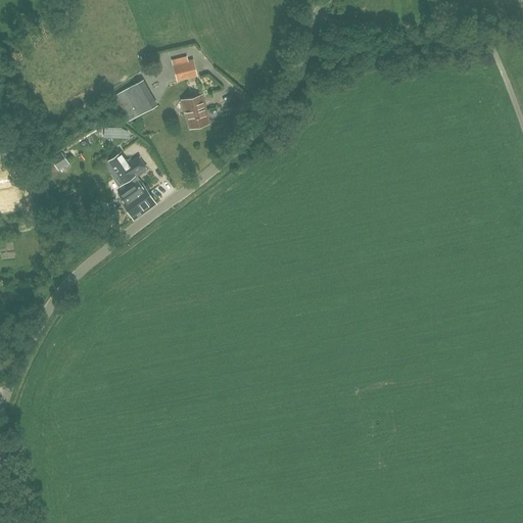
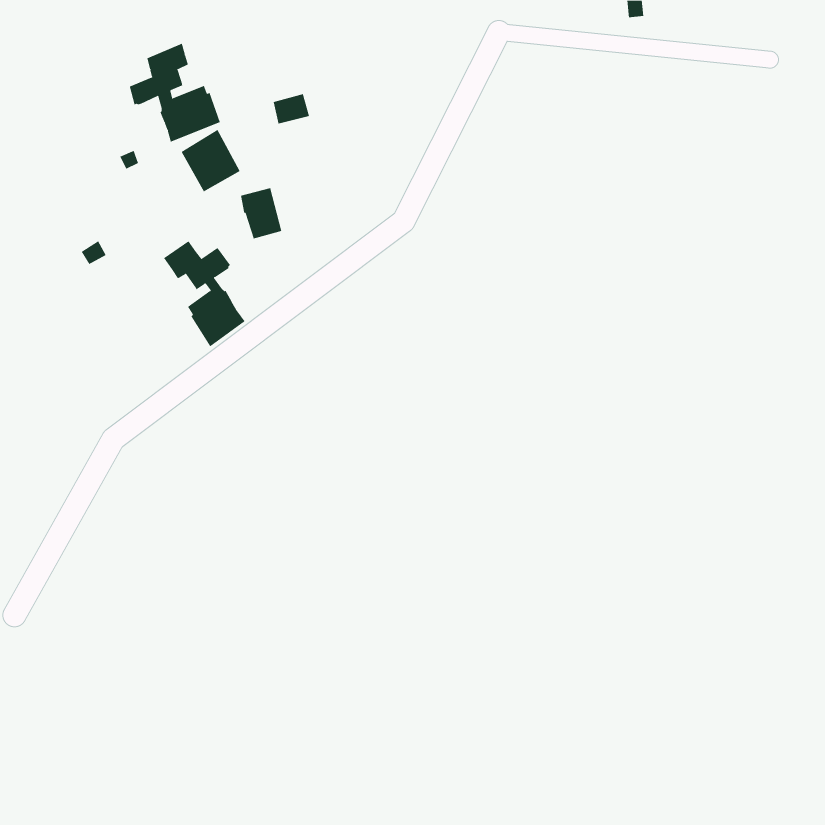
building: none -> [129,43,221,142]
building: [182,96,208,129] -> [240,187,282,239]

